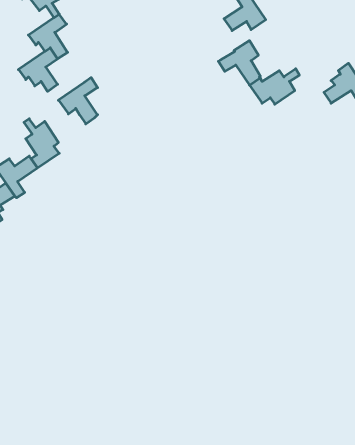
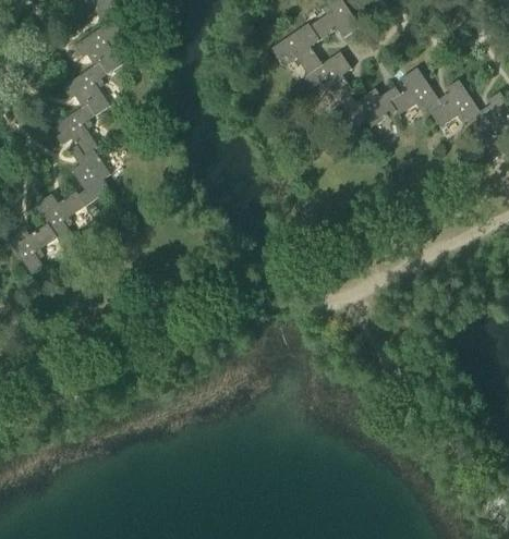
building: none -> [270,23,323,74]
building: none -> [388,68,443,114]
building: [58,78,98,124] -> [51,100,98,156]

